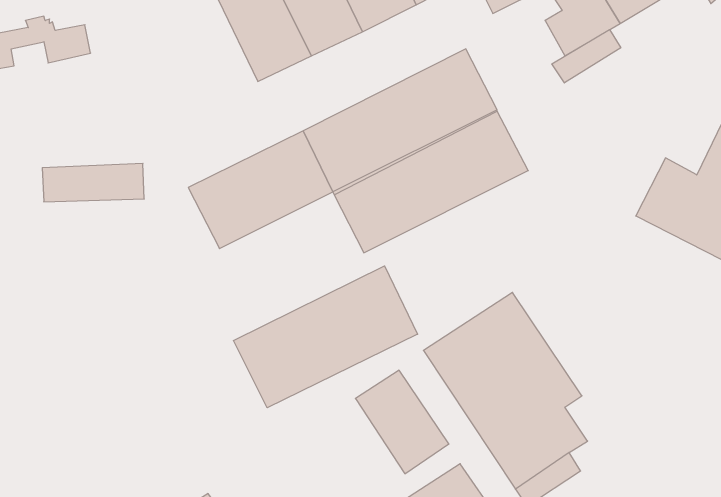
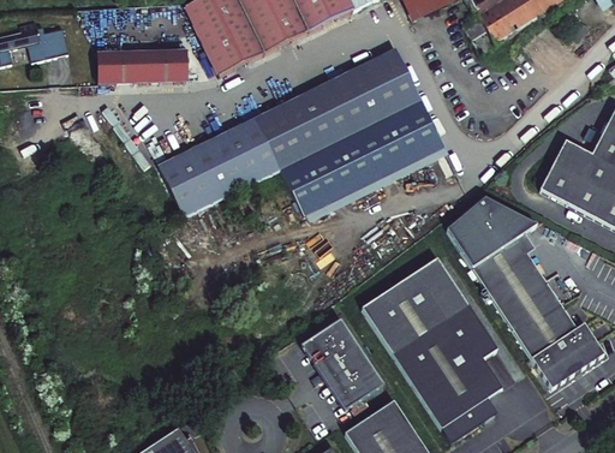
building: [552,30,621,83] -> none
building: [42,163,144,202] -> [98,49,185,82]
building: none -> [446,192,603,383]
building: [233,266,418,408] -> none

